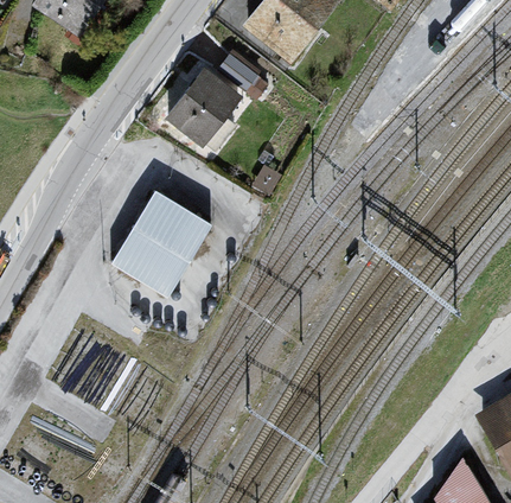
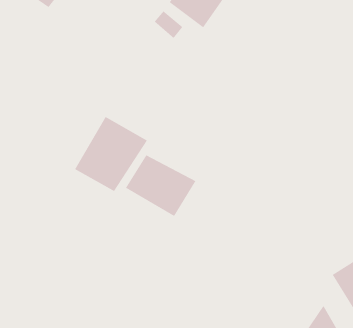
building: [154,64,253,154] -> none
building: none -> [125,154,196,217]

